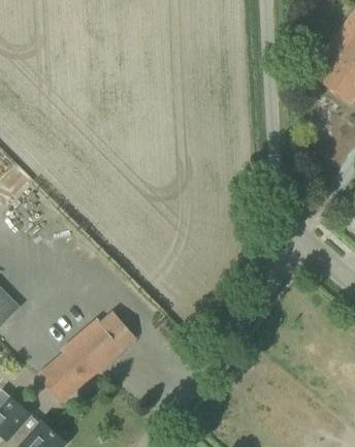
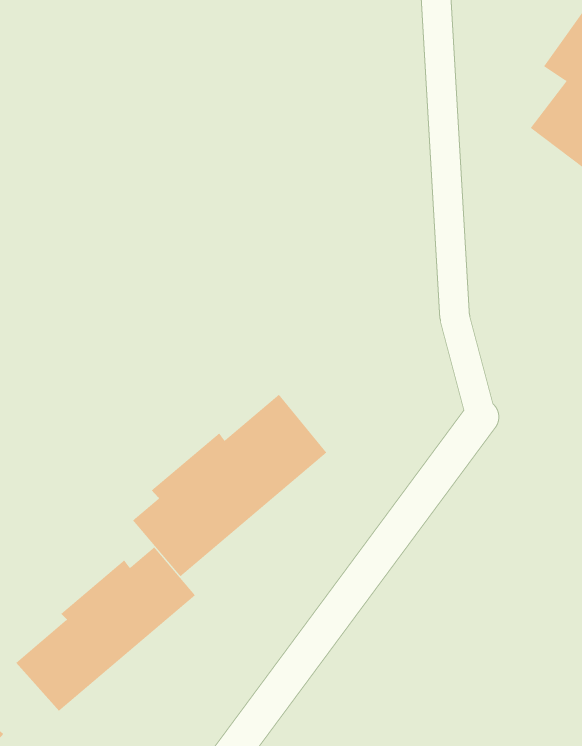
building: none -> [132,394,327,577]

